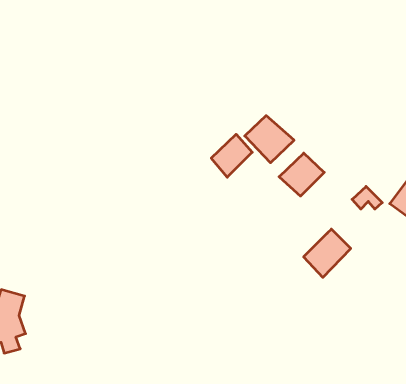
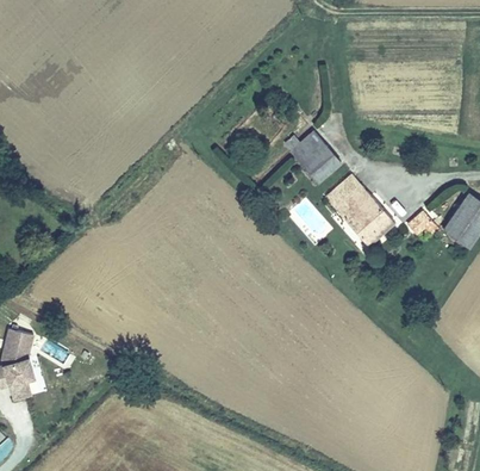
building: [211,134,252,177] -> none
building: [304,229,351,277] -> [343,192,395,246]

